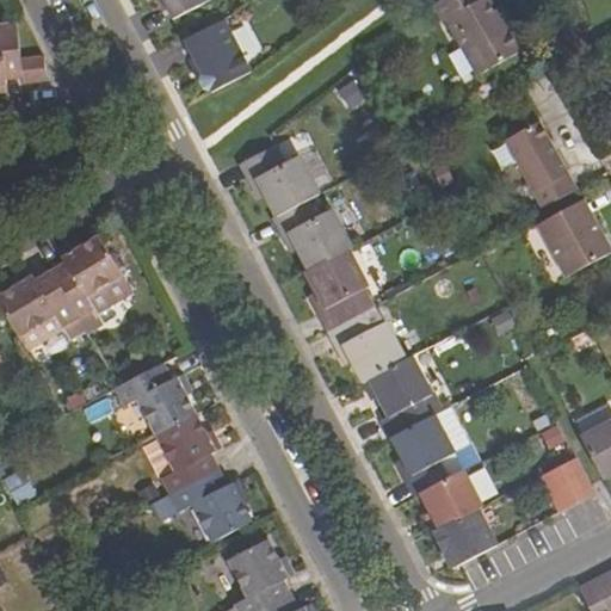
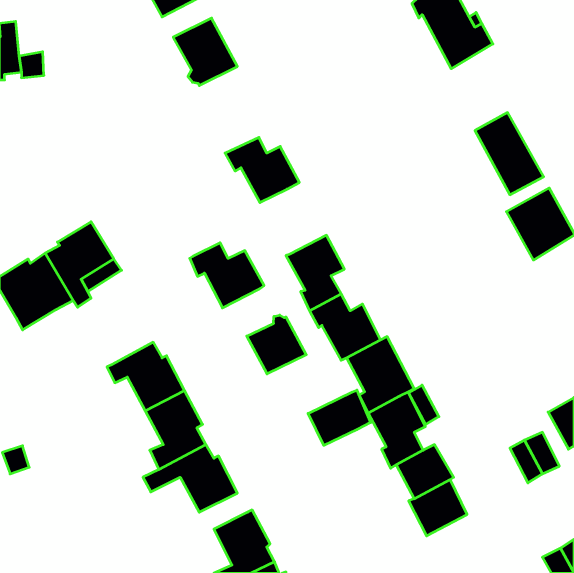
building: [272,200,351,270] -> [190,243,264,308]
building: none -> [247,315,306,374]
building: none -> [308,390,371,445]

